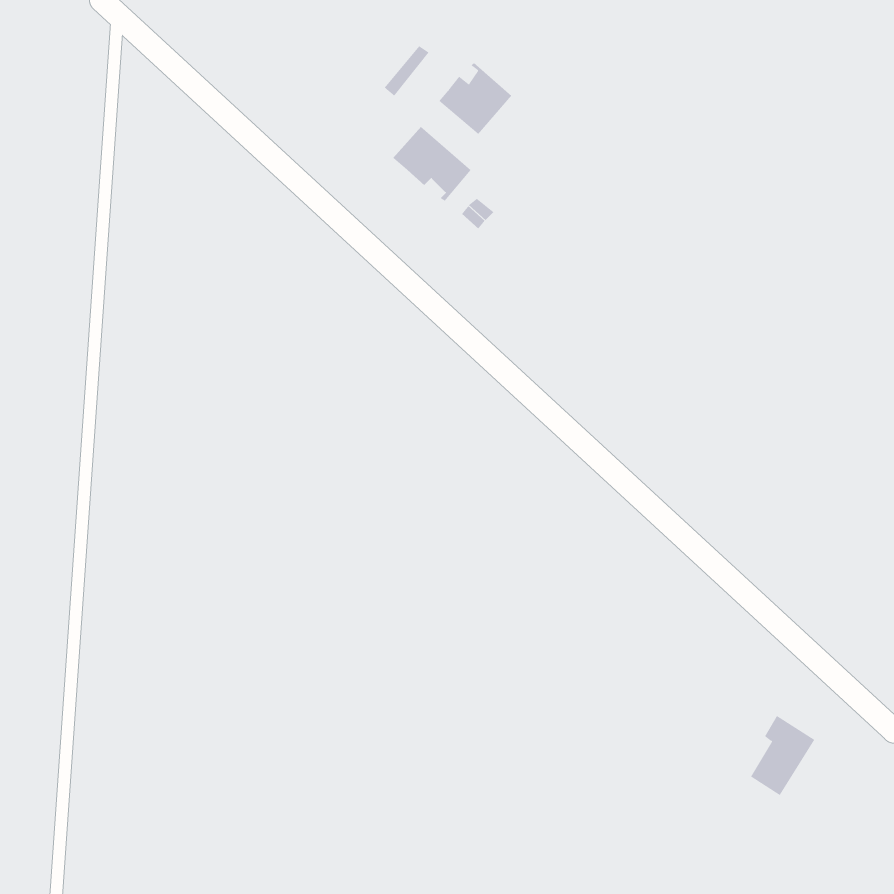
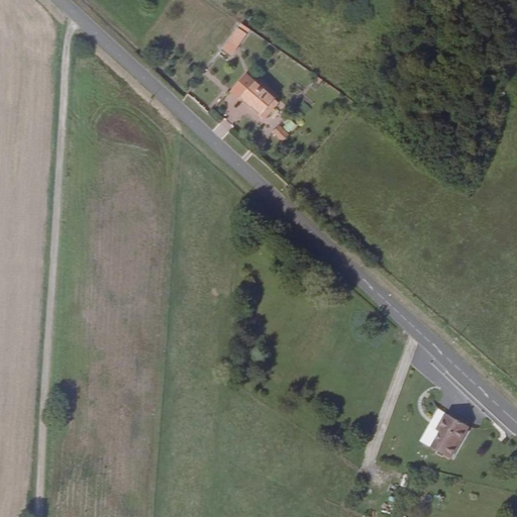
building: [439,62,512,135] -> none

